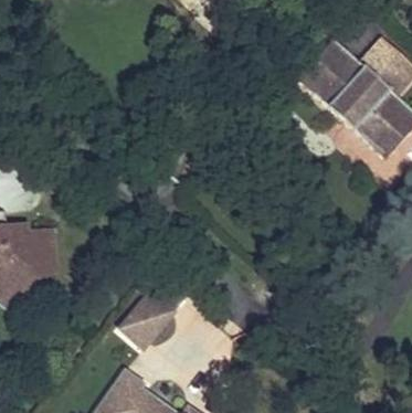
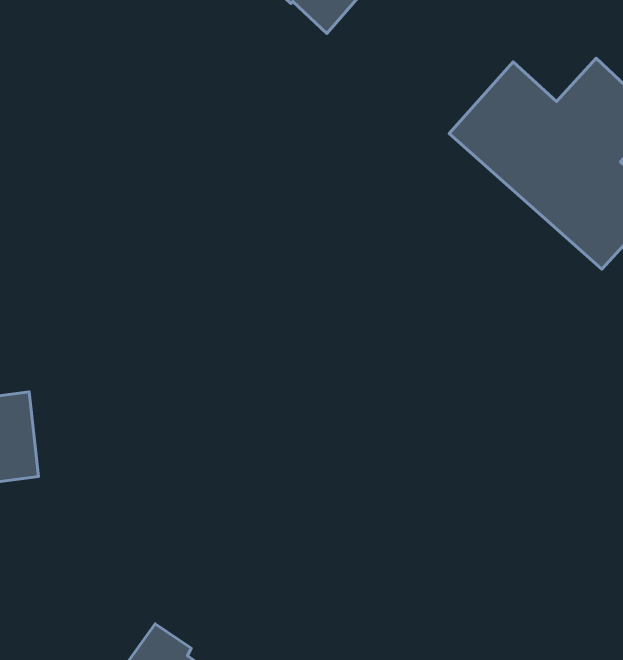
building: [123,290,172,345] -> none

